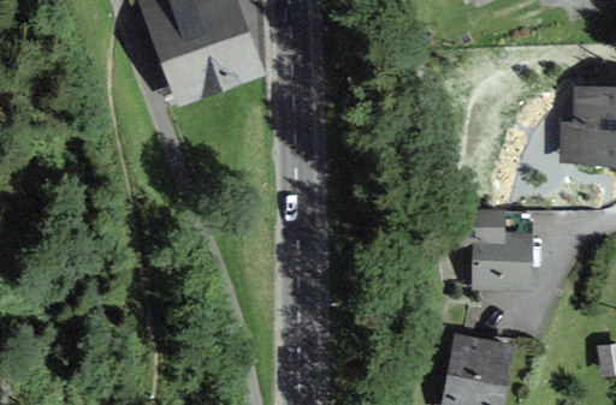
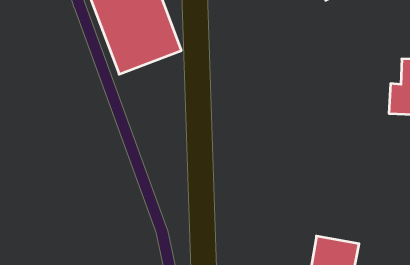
building: [461,210,532,290] -> none

